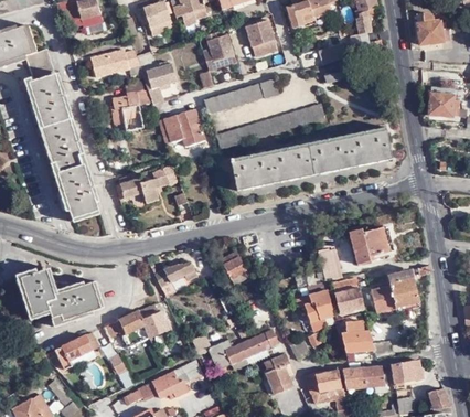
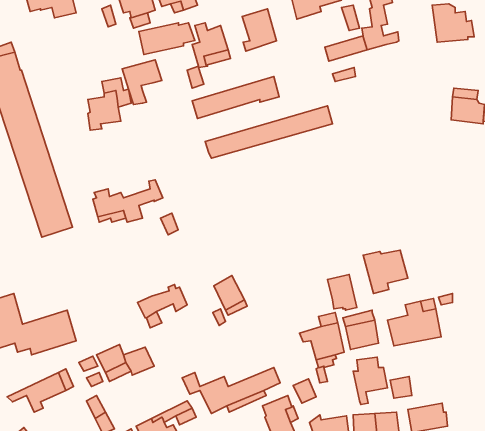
building: [92,49,140,76] -> [139,23,195,55]
building: [158,109,204,146] -> none
building: [233,130,393,191] -> none

